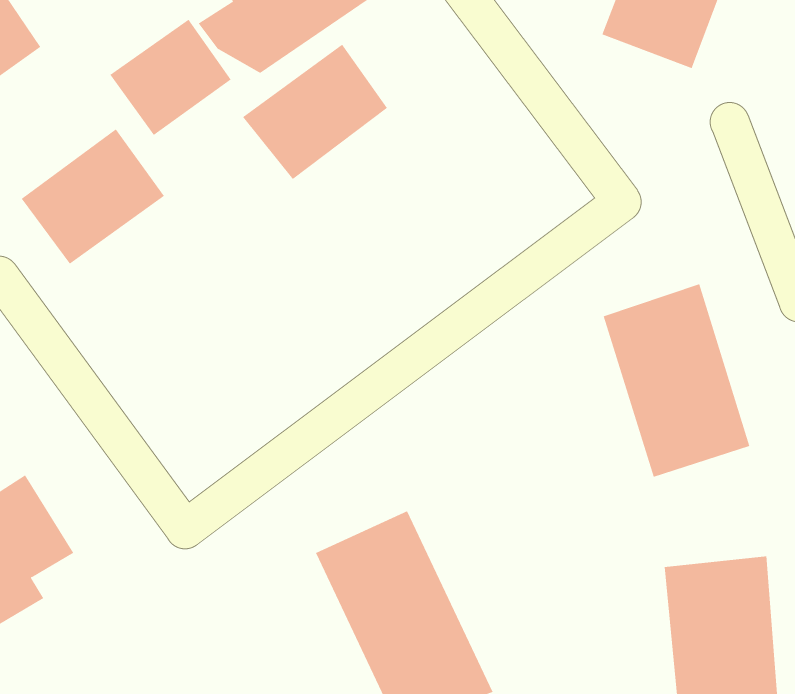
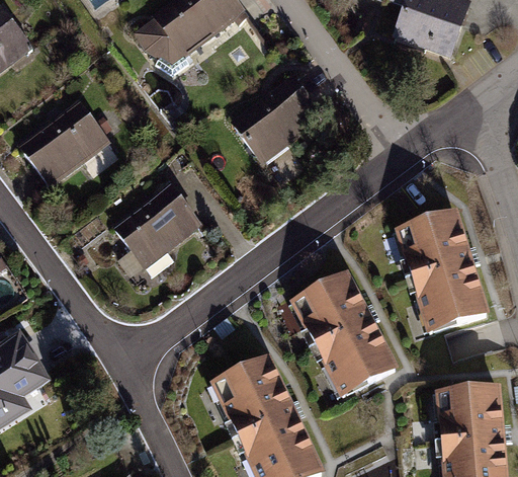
building: [110,19,231,136] -> none
building: [242,44,388,180] -> [228,78,322,166]
building: none -> [110,185,202,273]
building: none -> [286,266,397,392]

